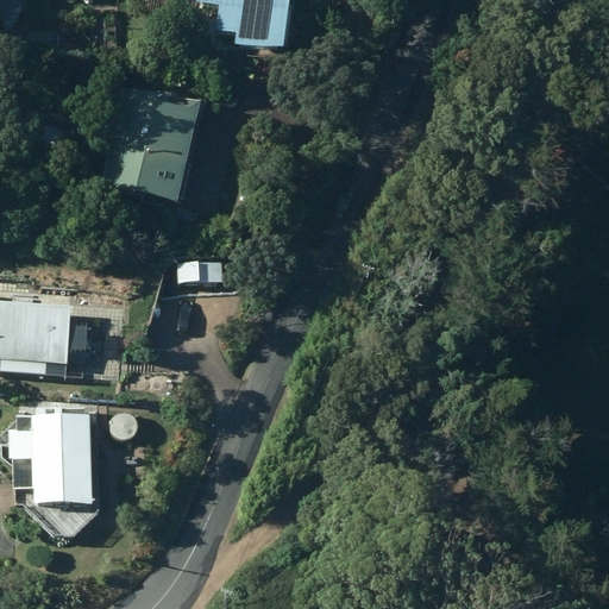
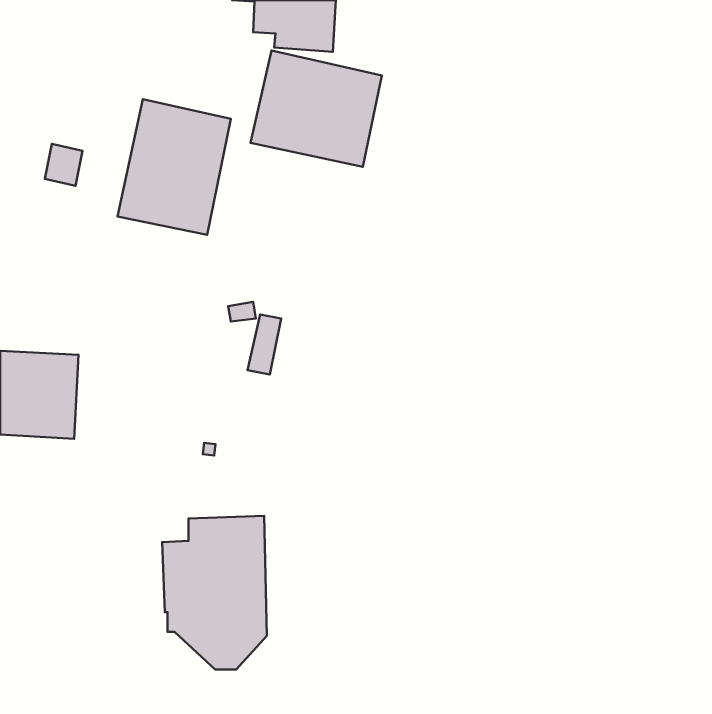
building: none -> [251,51,382,167]
building: [11,406,100,536] -> [162,516,267,669]

